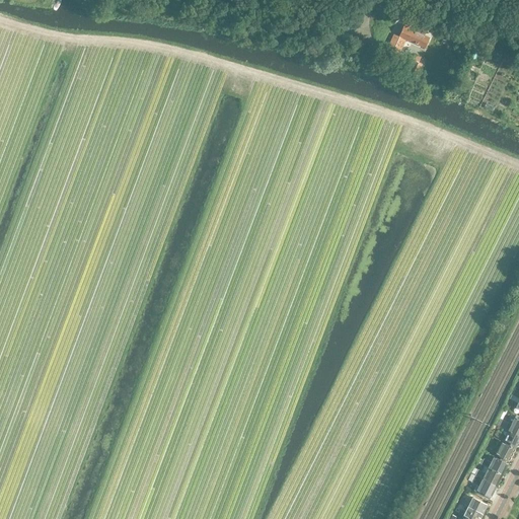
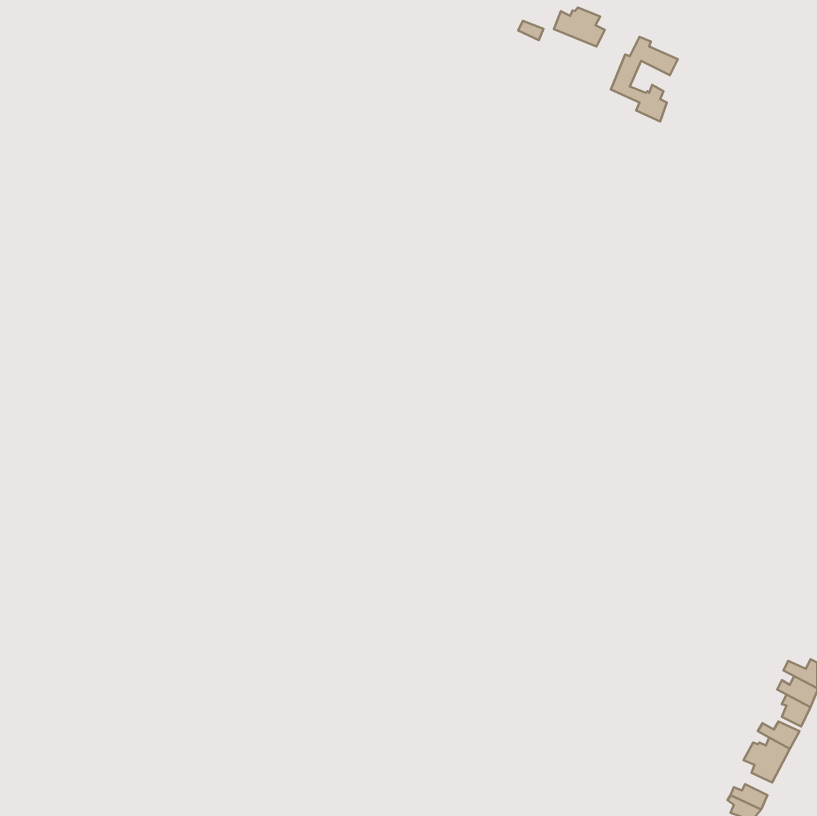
building: none -> [554,8,605,47]

